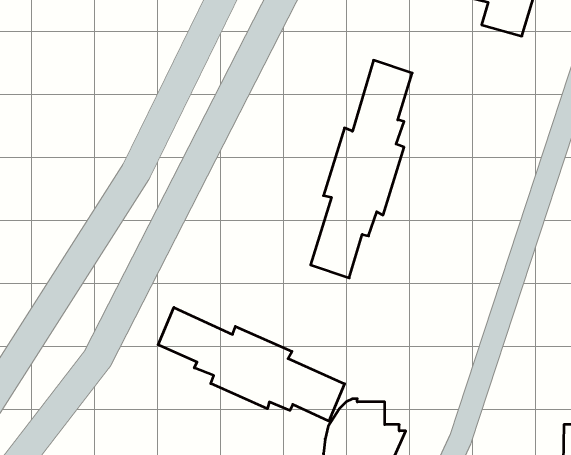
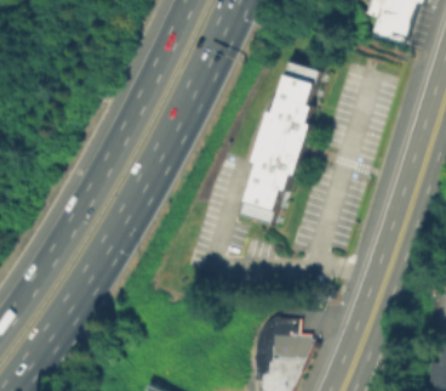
building: [158,307,345,421] -> none

